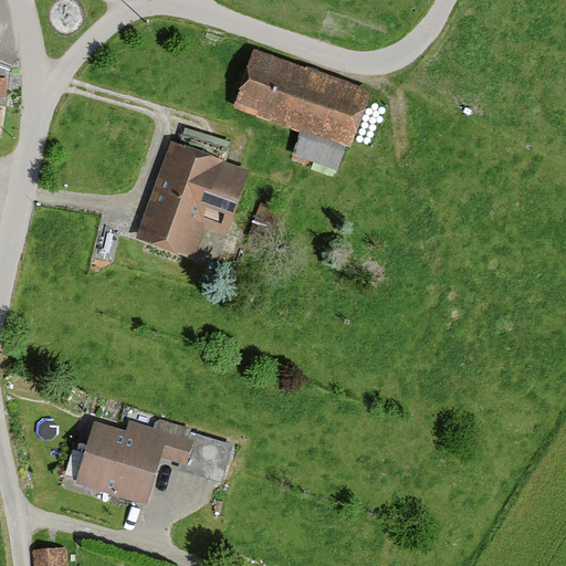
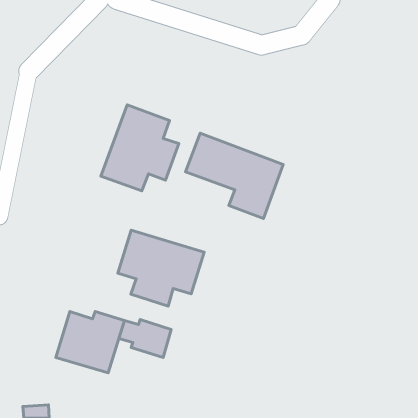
building: [235,51,367,166] -> [186,133,283,218]
building: none -> [118,230,204,306]

